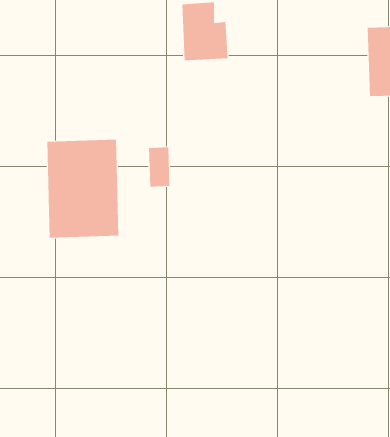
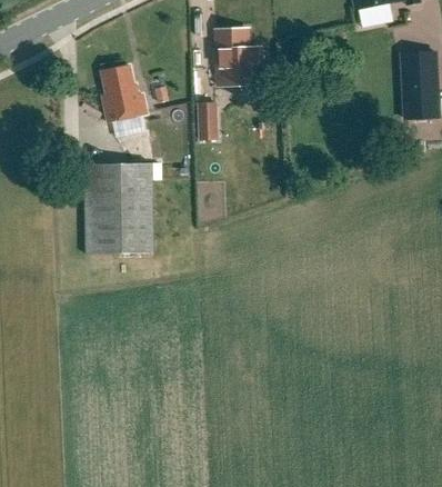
building: none -> [102,61,148,118]
building: [148,147,170,187] -> [197,101,218,140]

